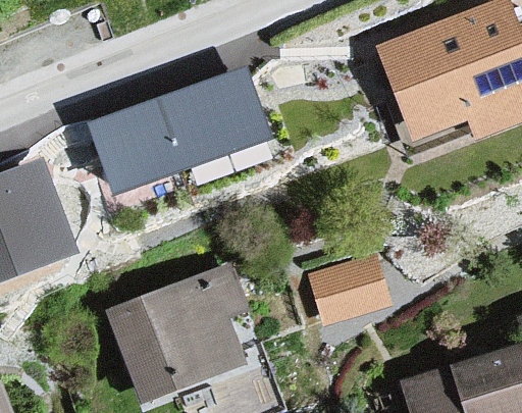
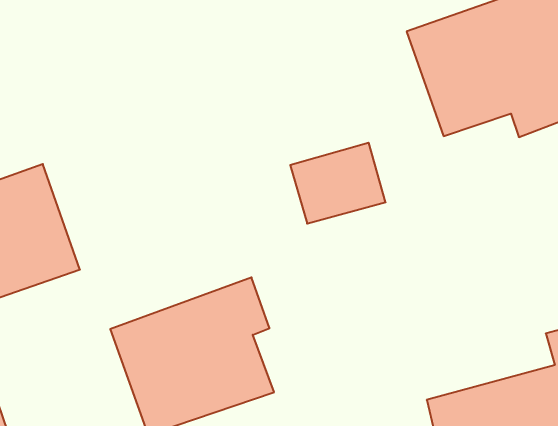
building: [91,66,274,196] -> none
building: [305,238,392,311] -> [290,143,386,224]

